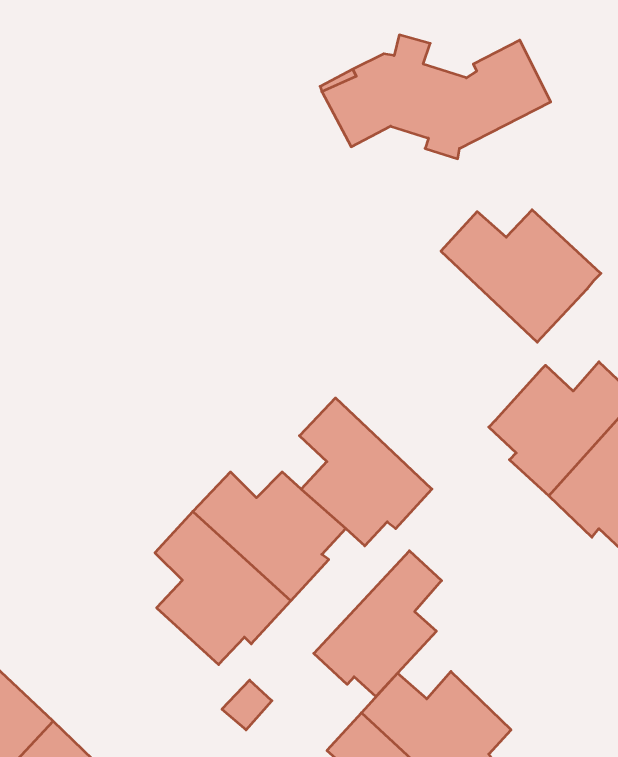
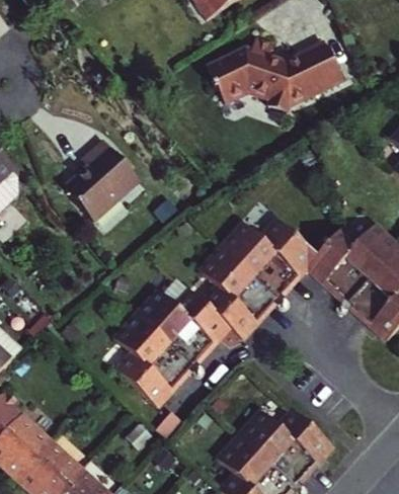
building: none -> [56,128,133,210]
building: [441,210,601,342] -> [220,230,314,308]
building: [314,551,442,696] -> none

